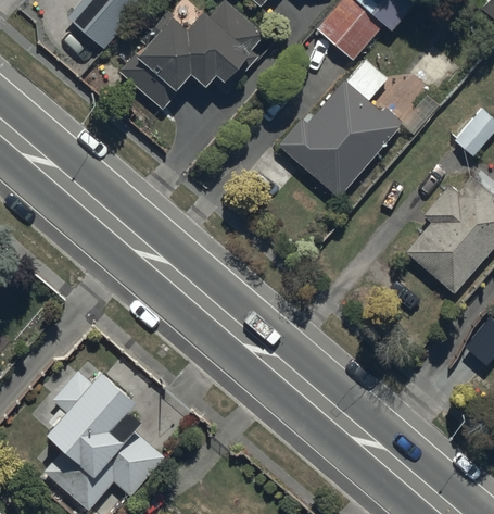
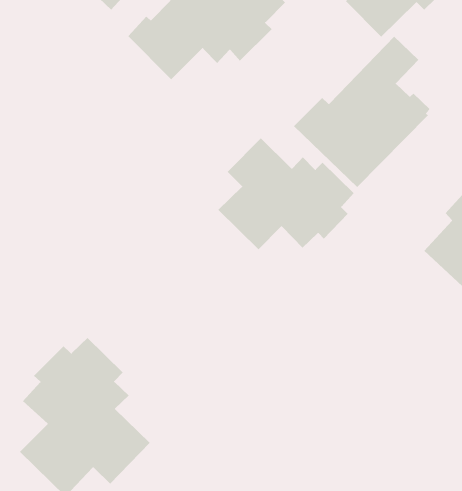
building: none -> [218,138,355,250]

